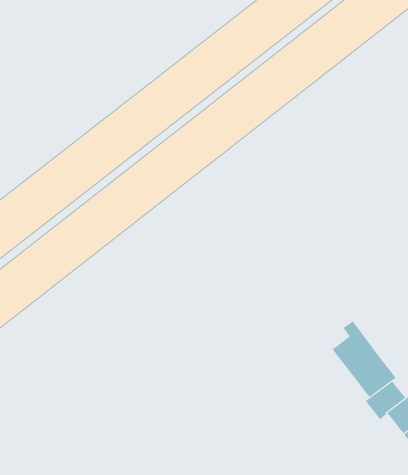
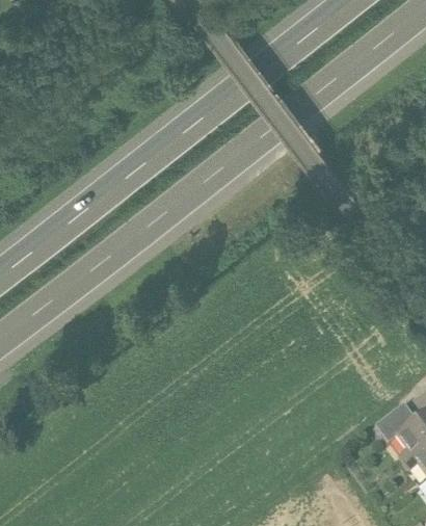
building: [332,321,397,398] -> none

